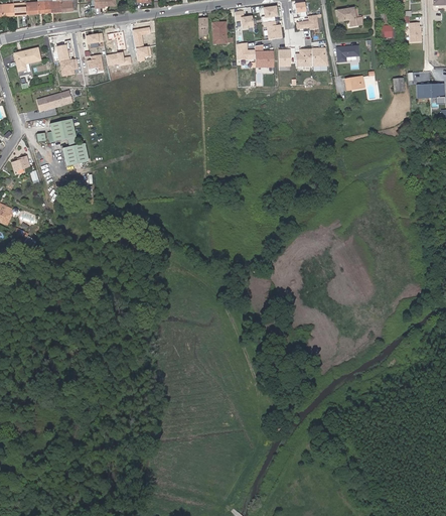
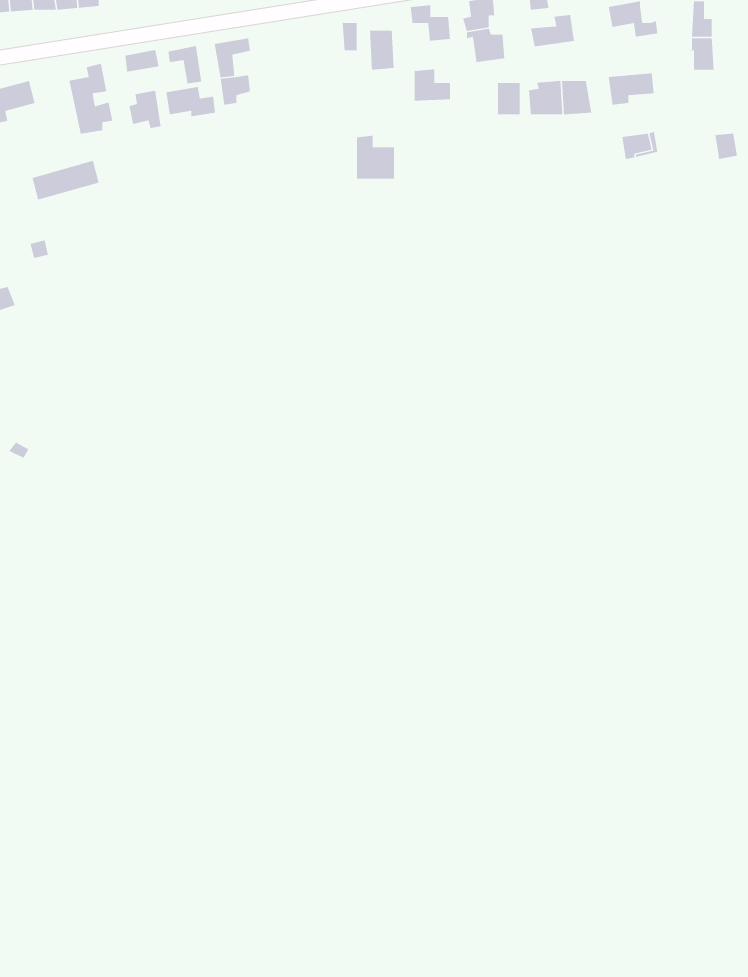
building: [255,44,275,68] -> [356,135,395,180]
building: [49,118,86,163] -> none

